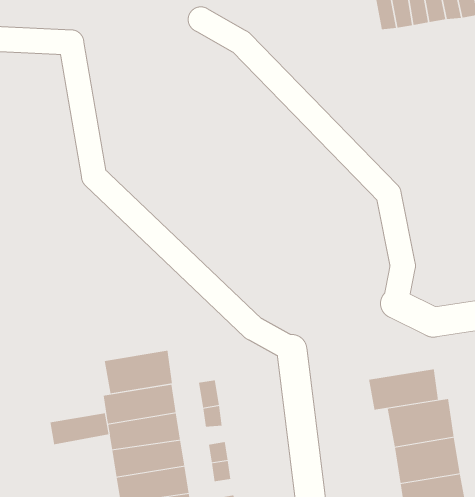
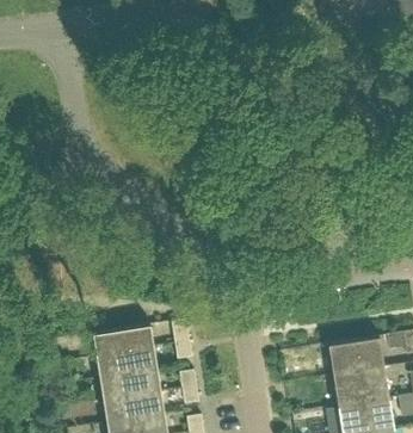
building: [104,350,173,394] -> none
building: [368,368,438,410] -> none
building: [50,412,109,445] -> none

